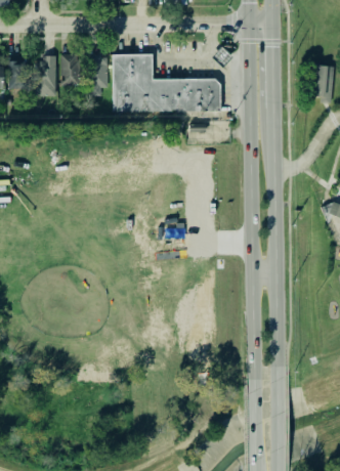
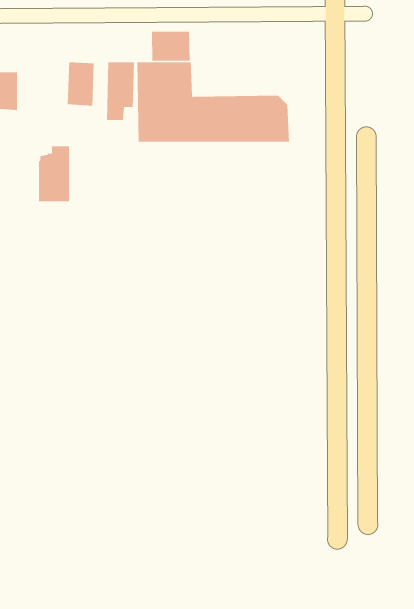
building: none -> [151,31,190,62]
building: [35,55,57,95] -> [38,146,70,202]

